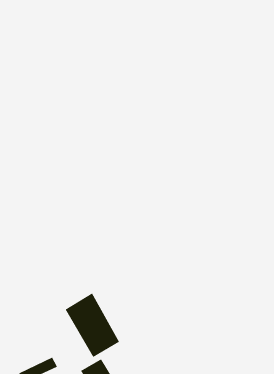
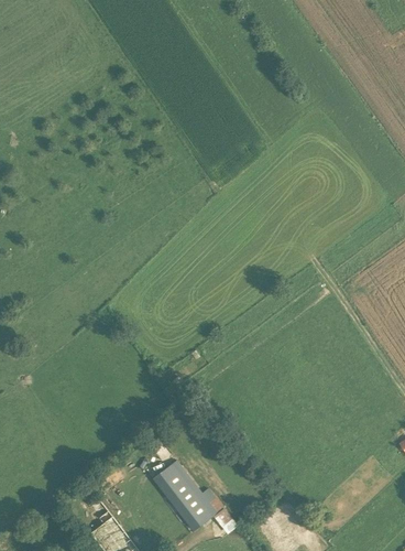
building: [65,293,120,358] -> none

